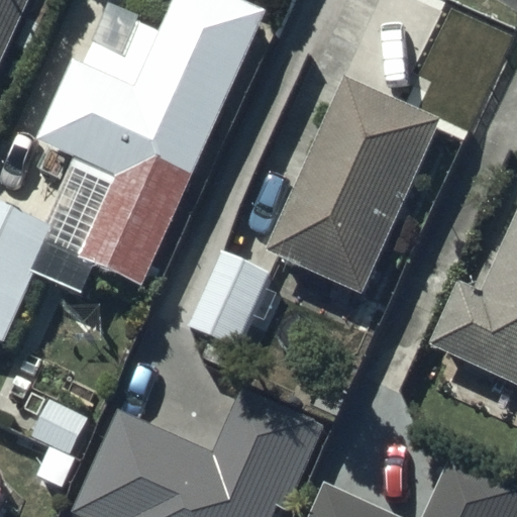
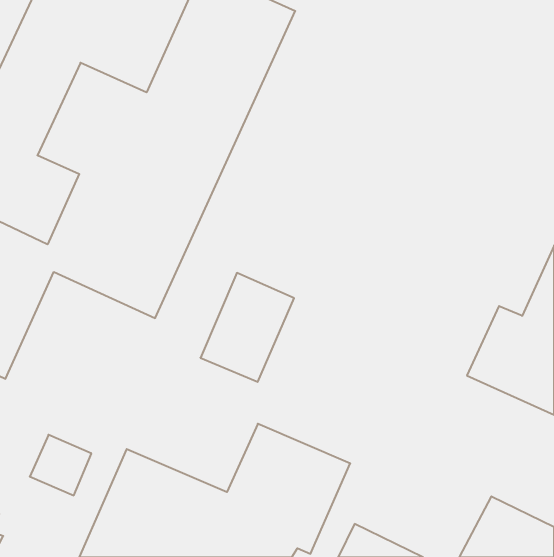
building: [266,78,438,294] -> none

